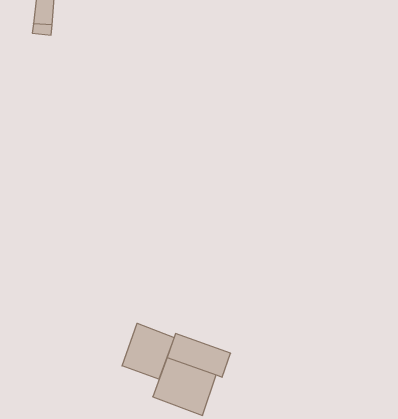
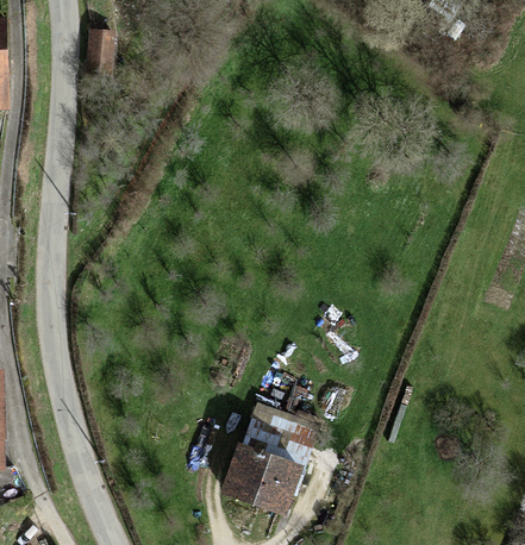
building: [122,323,174,379] -> none

